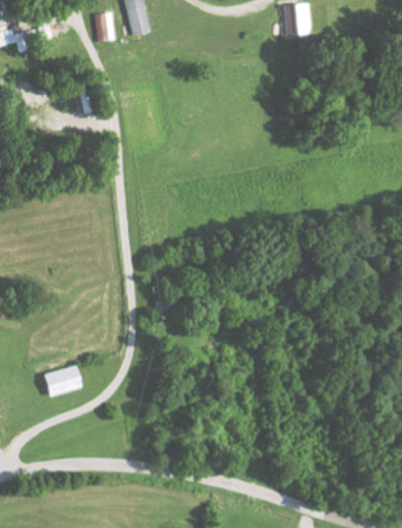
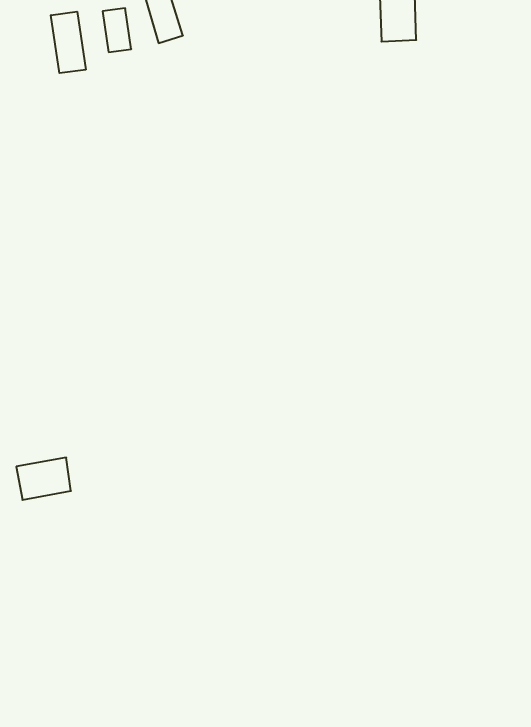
building: none -> [51,12,86,73]
building: [43,366,80,395] -> [16,458,71,500]

